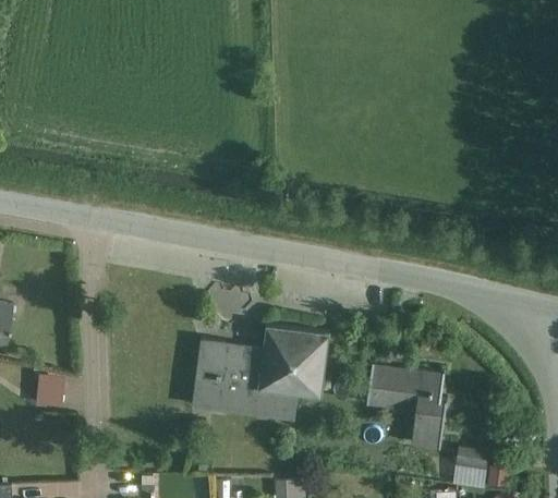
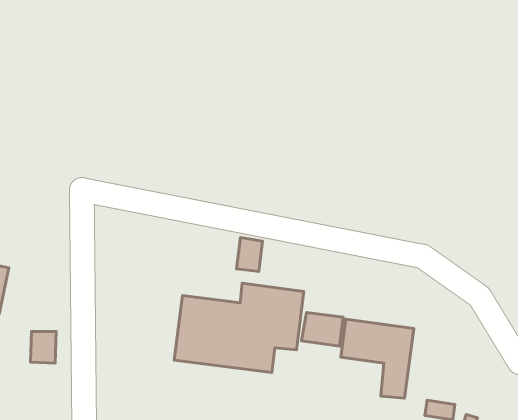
building: none -> [237,237,263,272]
building: none -> [302,312,343,346]

